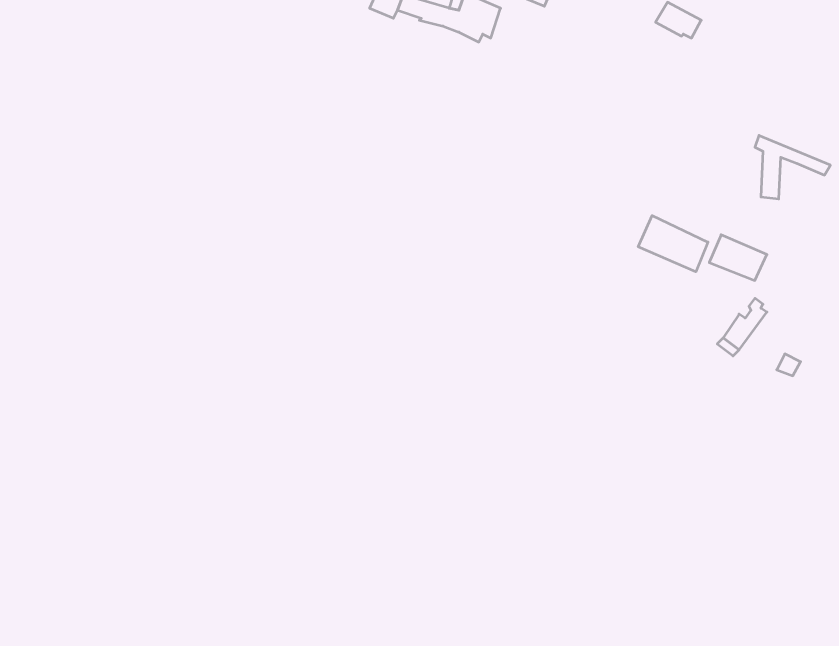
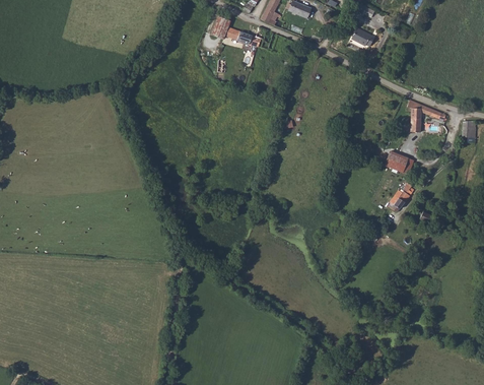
building: [638,216,708,272] -> none

